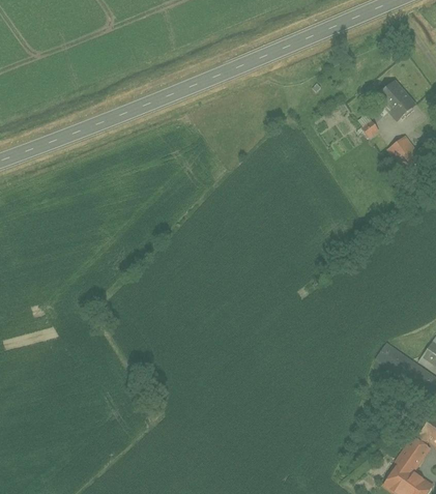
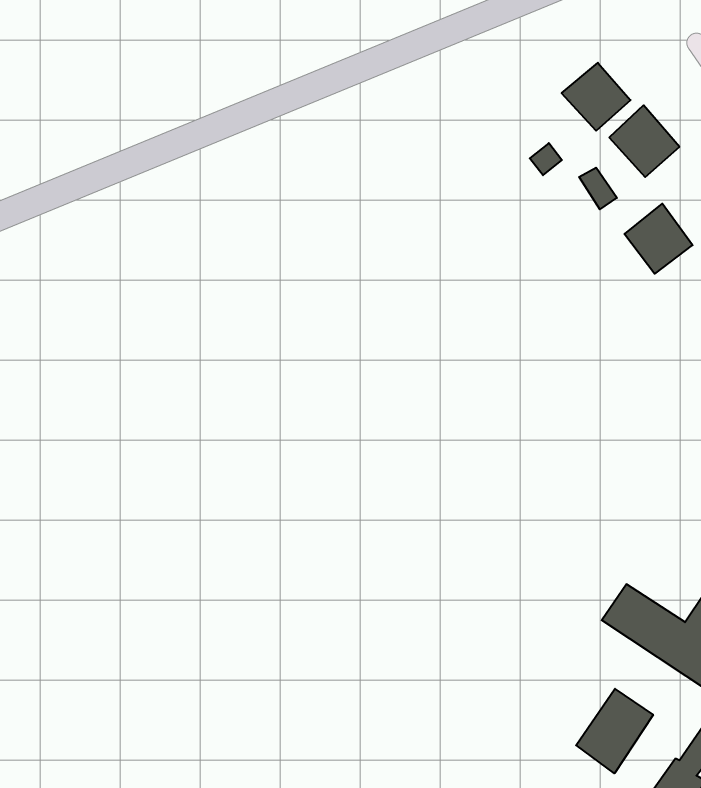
building: none -> [562,63,631,131]
building: none -> [576,689,653,773]

